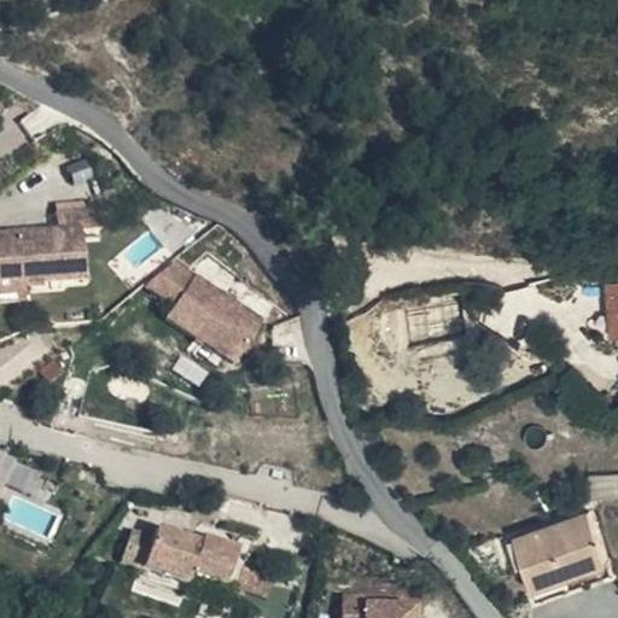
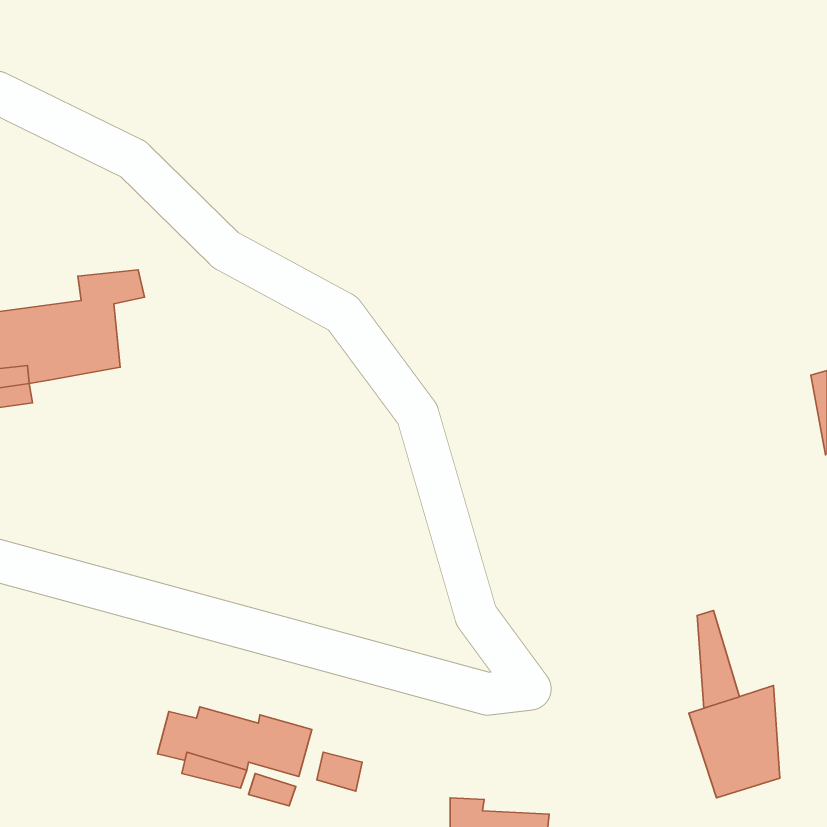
building: [150,262,263,362] -> none
building: [575,508,606,581] -> [697,611,740,708]

